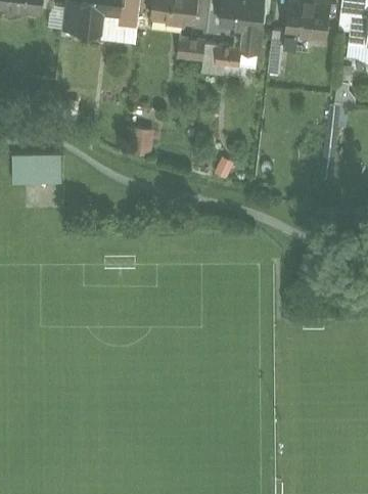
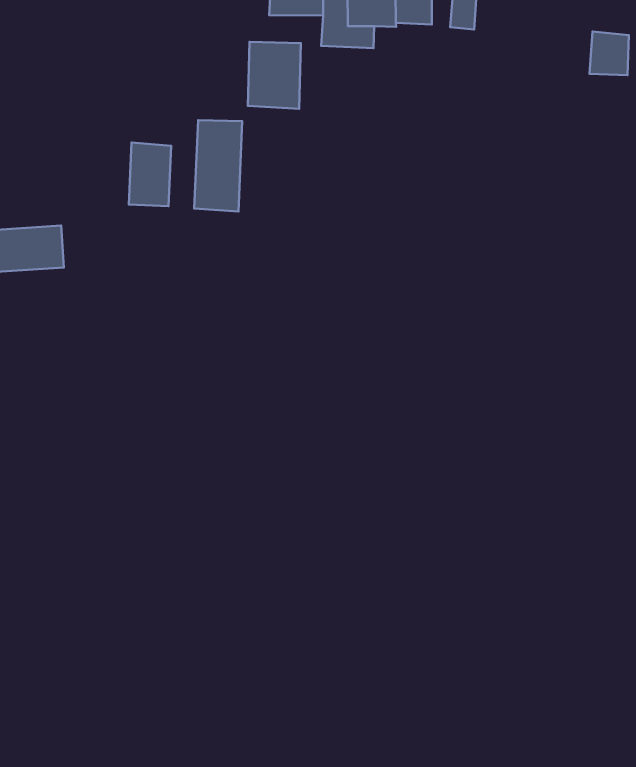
building: none -> [248,42,301,109]
building: none -> [129,142,171,206]

